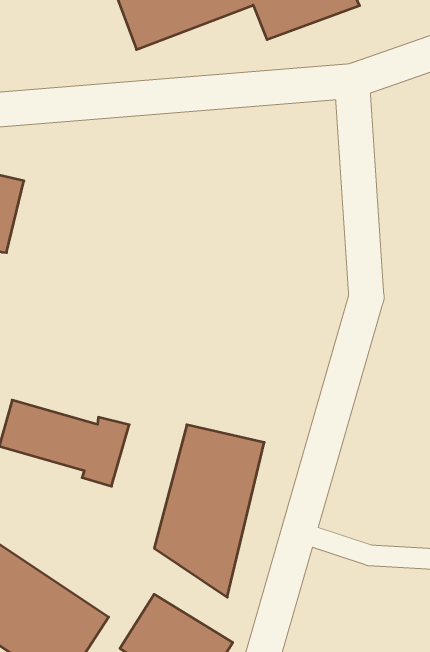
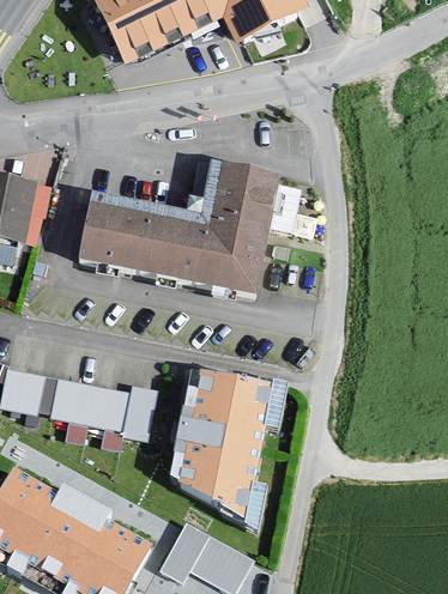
building: none -> [77,169,278,301]

